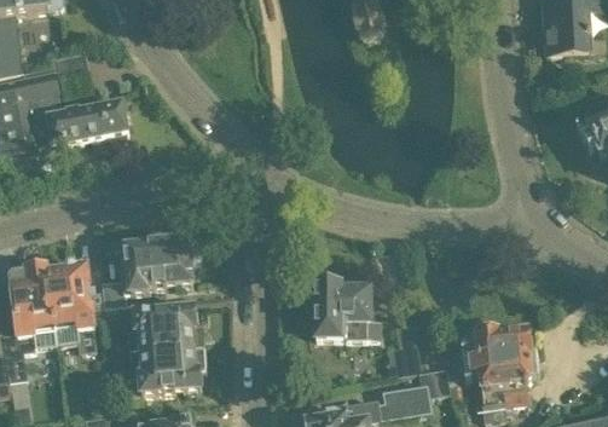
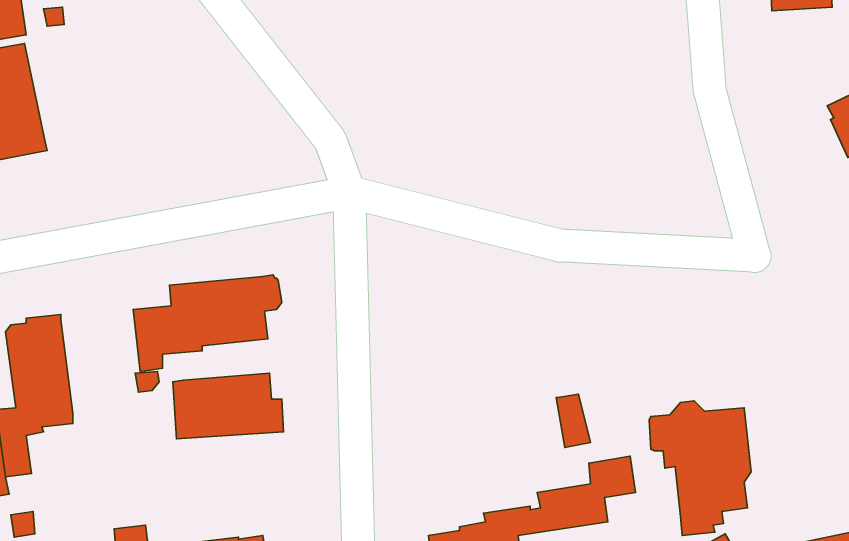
building: [23,67,128,143] -> none
building: [48,260,95,341] -> none
building: [315,281,380,335] -> none
building: [118,346,207,411] -> none

